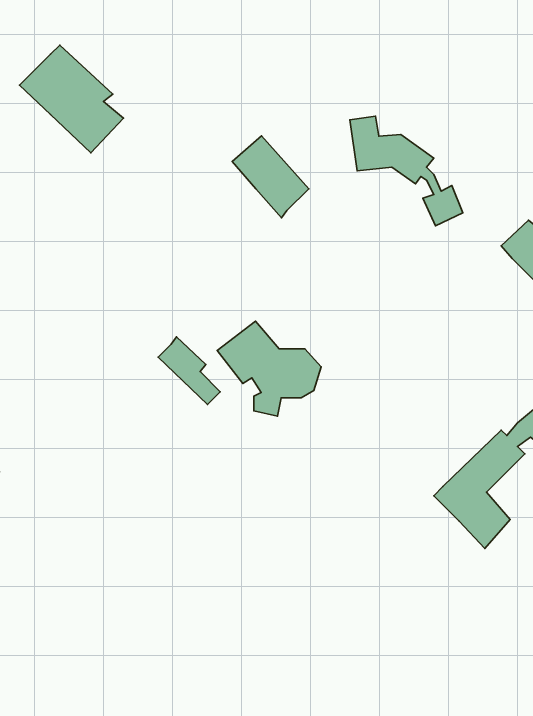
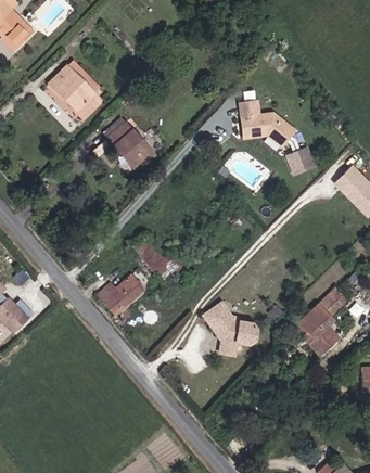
building: [232,136,309,218] -> [109,122,154,170]
building: [217,321,321,416] -> [196,298,258,355]
building: none -> [101,282,144,312]

